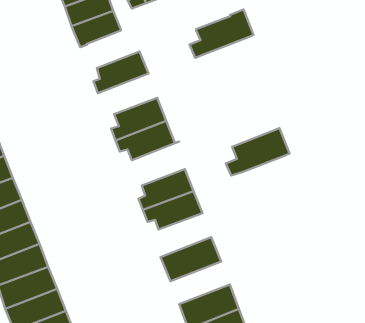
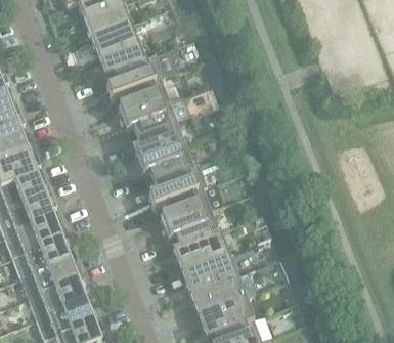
building: [190,9,253,58] -> [106,55,166,100]
building: none -> [123,101,178,139]
building: [226,128,290,175] -> [148,165,208,209]
building: none -> [173,231,228,272]
building: none -> [190,272,257,316]

